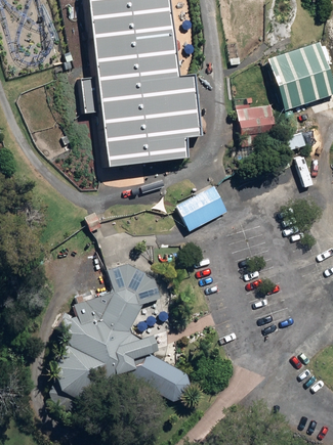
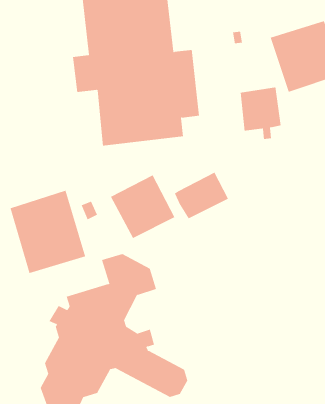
building: none -> [110,174,175,239]
building: none -> [10,190,86,274]

